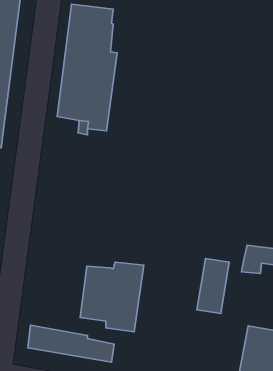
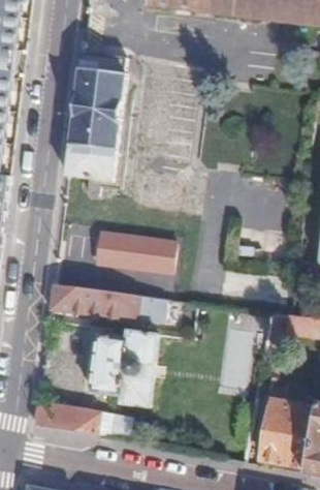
building: none -> [95,234,177,273]
building: none -> [46,285,165,323]

